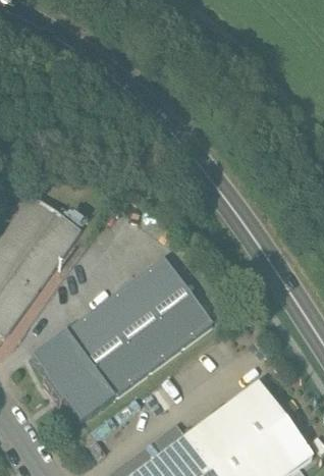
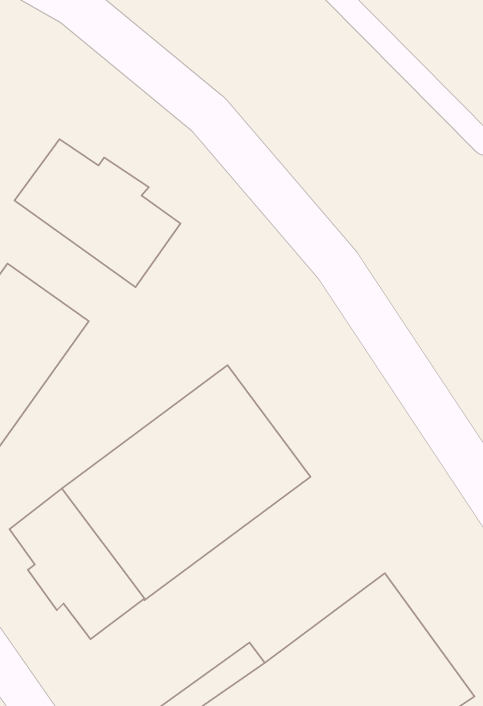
building: none -> [14,139,180,287]

